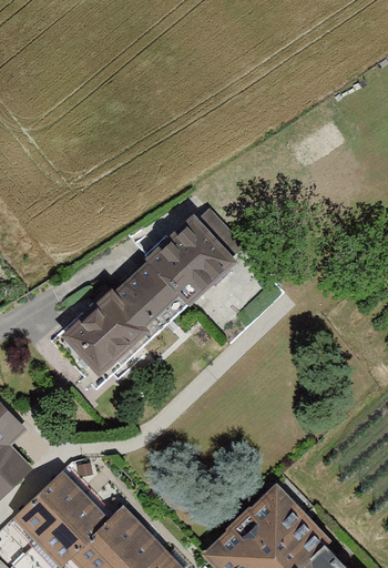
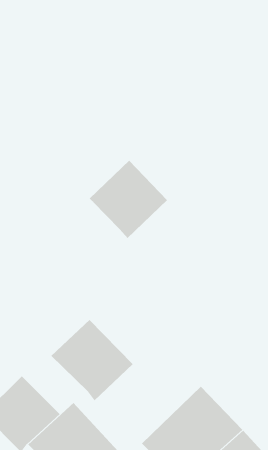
building: [67,263,177,372] -> none
building: none -> [51,319,133,401]

